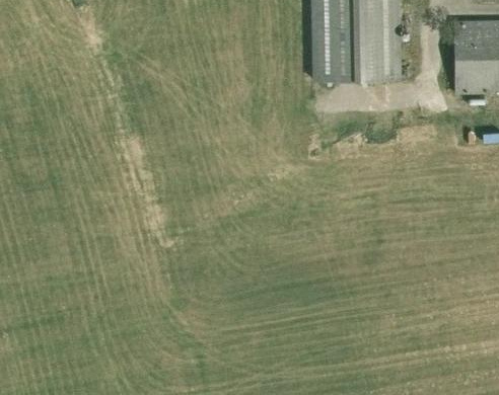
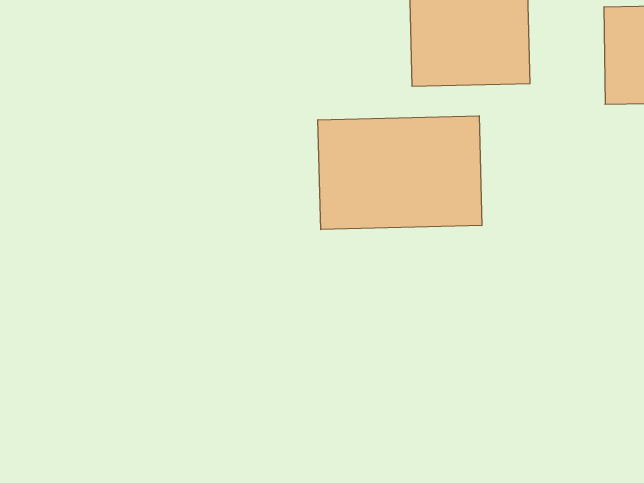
building: none -> [318,116,482,230]

